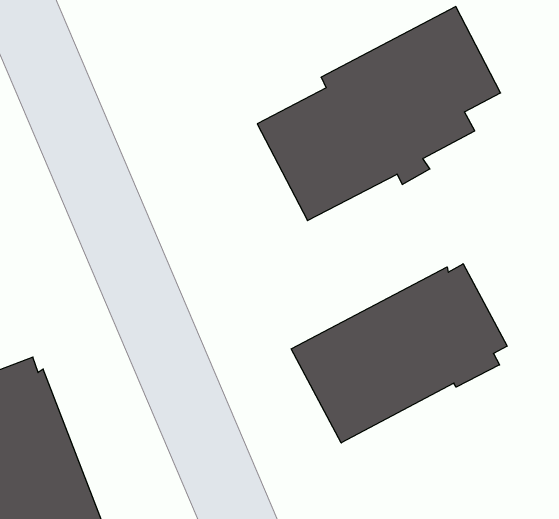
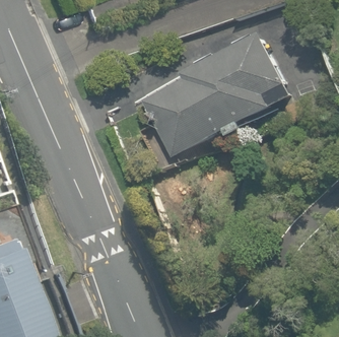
building: [291,264,507,443] -> none

